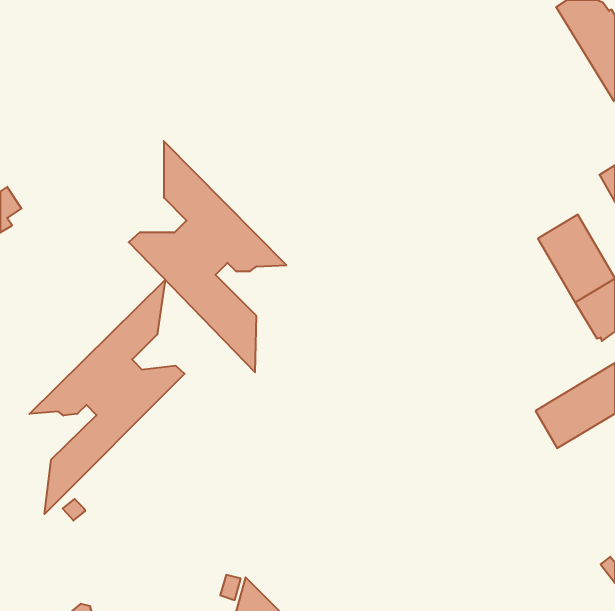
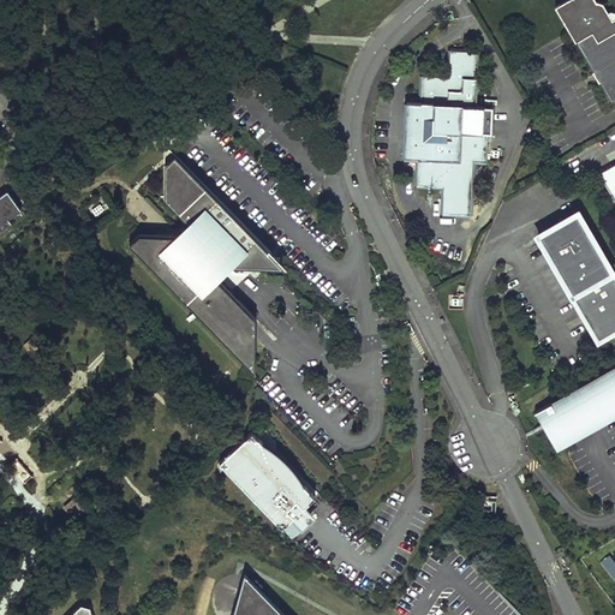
building: none -> [404,54,492,220]
building: [29,280,185,514] -> none
building: none -> [219,432,316,531]

